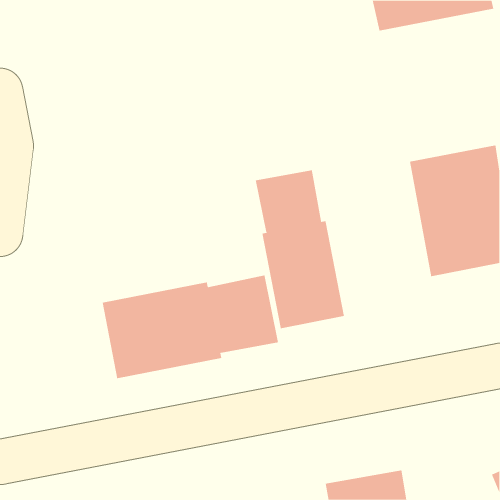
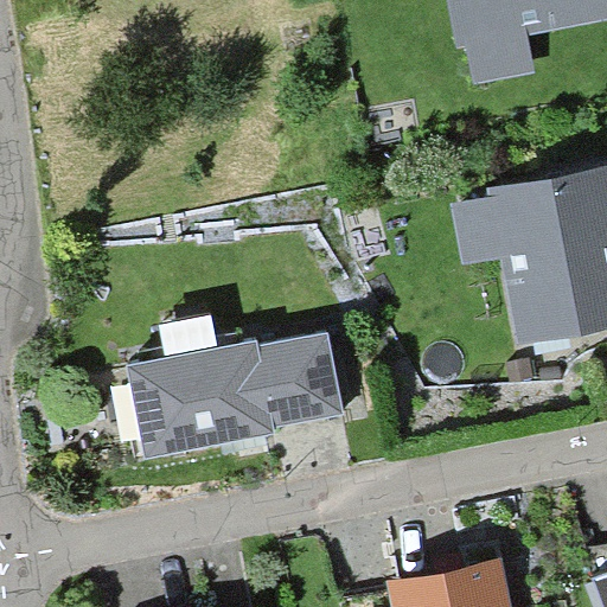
building: [255,169,344,329] -> none

